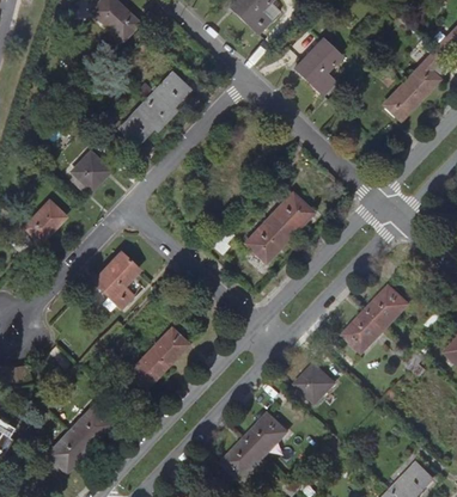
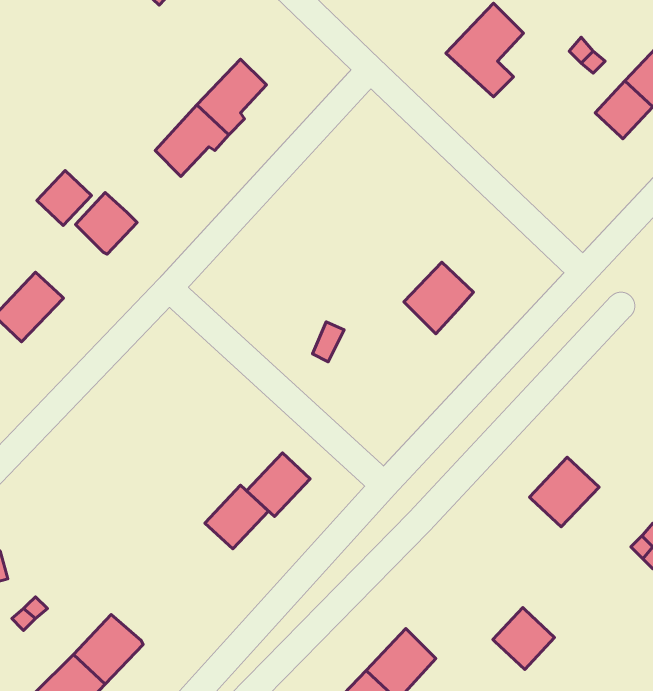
building: none -> [37,170,92,226]
building: [246,216,288,259] -> none
building: [92,250,139,306] -> none
building: [367,284,410,327] -> none
building: [128,349,166,387] -> [247,453,310,517]
building: [298,363,335,400] -> [493,608,555,669]

